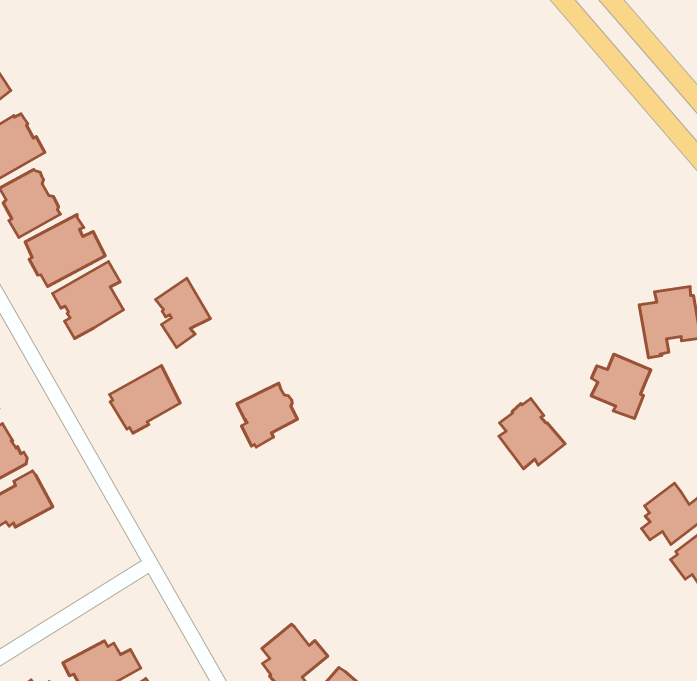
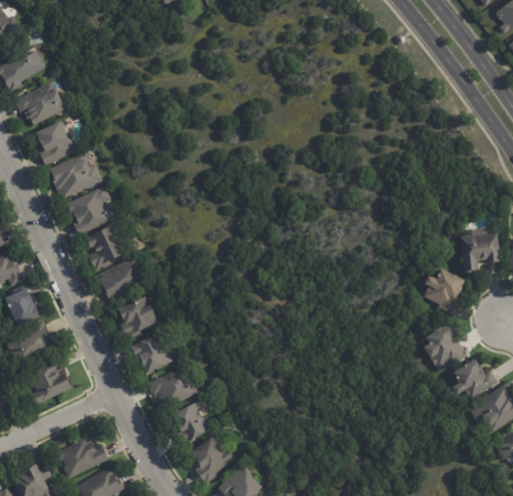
building: [156,278,210,347] -> [84,224,120,271]
building: [237,383,298,447] -> [117,296,157,338]
building: [499,398,565,469] -> [423,323,467,370]
building: none -> [130,334,171,373]
building: none -> [147,365,198,409]
building: none -> [28,359,72,407]
building: none -> [169,401,209,444]

